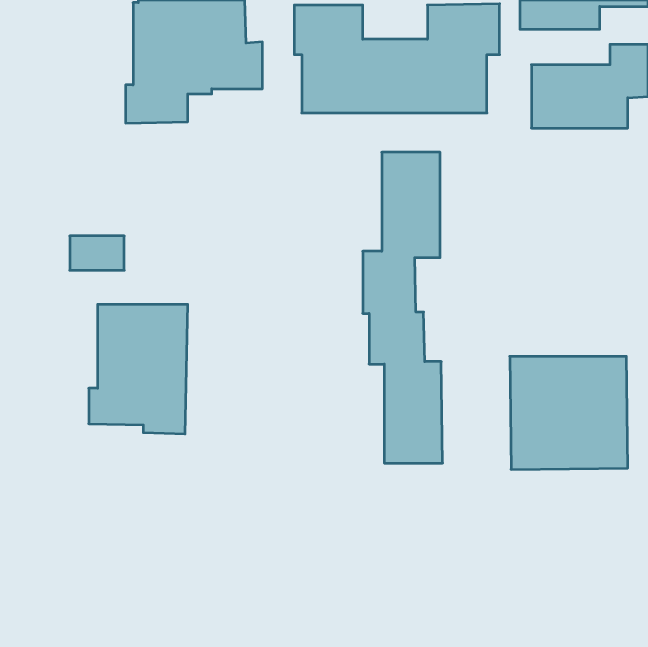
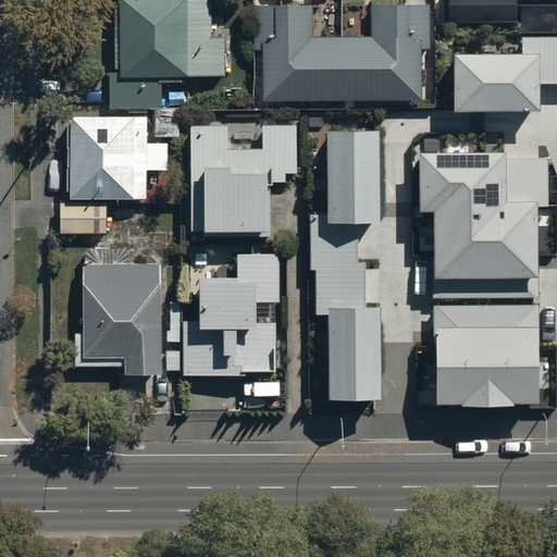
building: none -> [67,109,180,198]
building: none -> [189,124,296,235]
building: none -> [423,154,548,297]
building: none -> [184,253,278,375]

